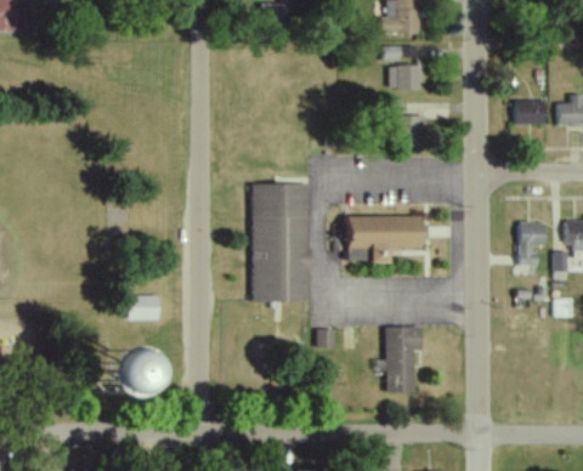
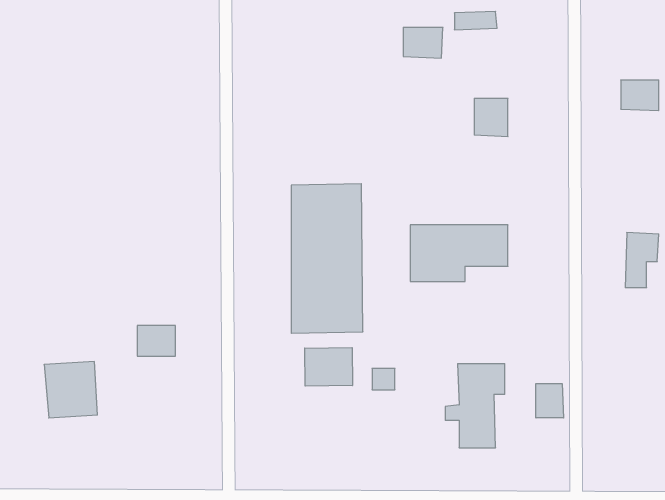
building: [389,66,420,90] -> [403,27,443,58]
building: none -> [305,348,352,386]
building: none -> [536,384,564,418]
building: [117,346,159,391] -> [44,362,97,418]

